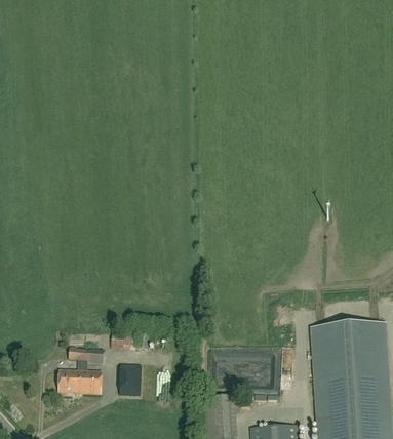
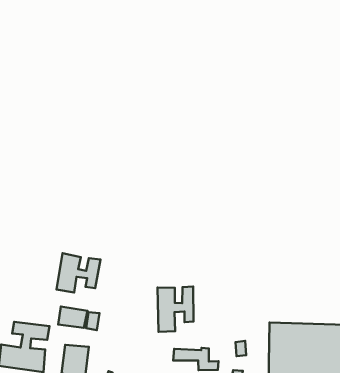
building: none -> [56,253,101,292]
building: none -> [157,287,194,332]

